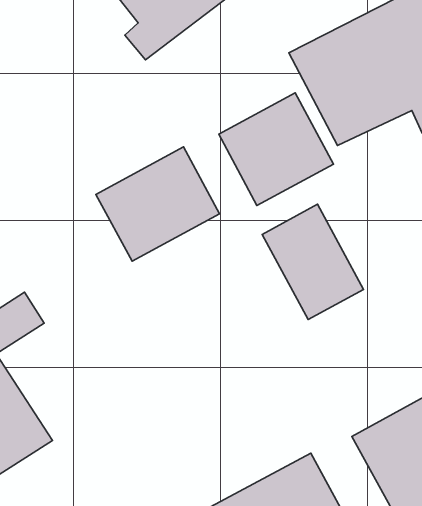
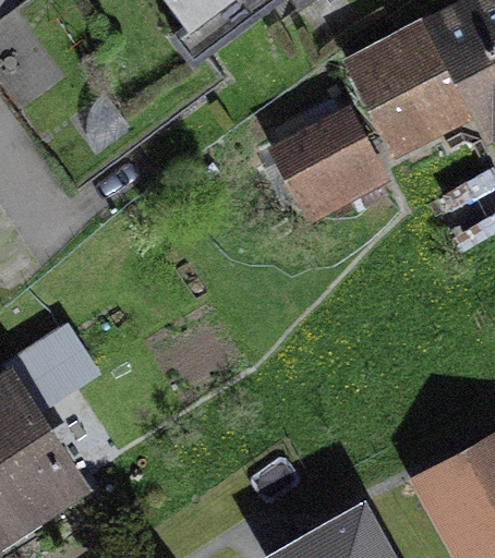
building: [96,147,220,261] -> none
building: [262,204,364,320] -> none

